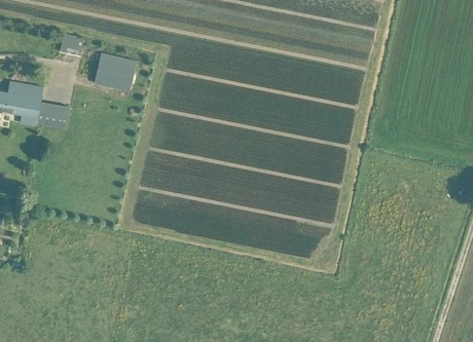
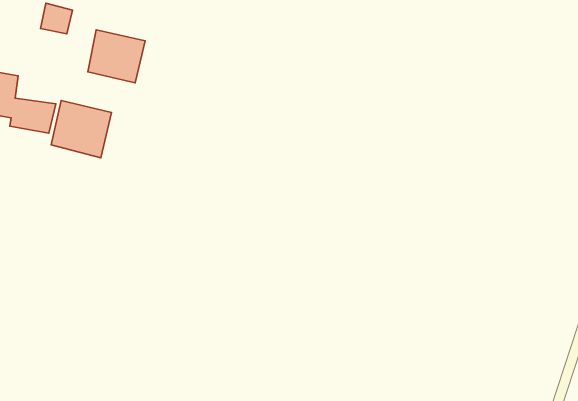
building: none -> [51,101,112,158]

